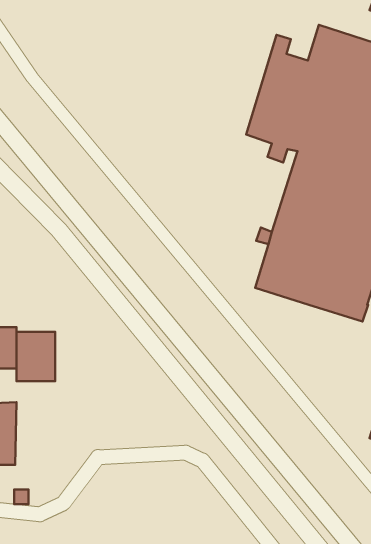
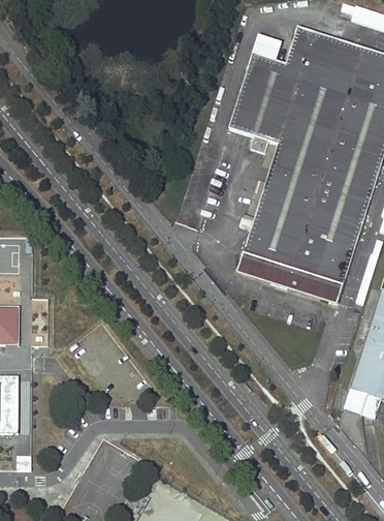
building: [16,332,55,381] -> none

